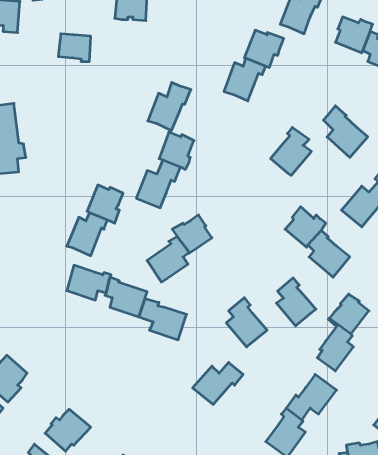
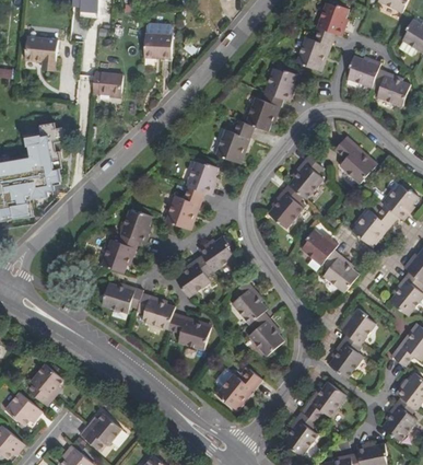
building: [148,82,191,130] -> [214,119,254,163]
building: none -> [267,184,302,226]
building: [276,278,316,326] -> [231,279,267,323]

